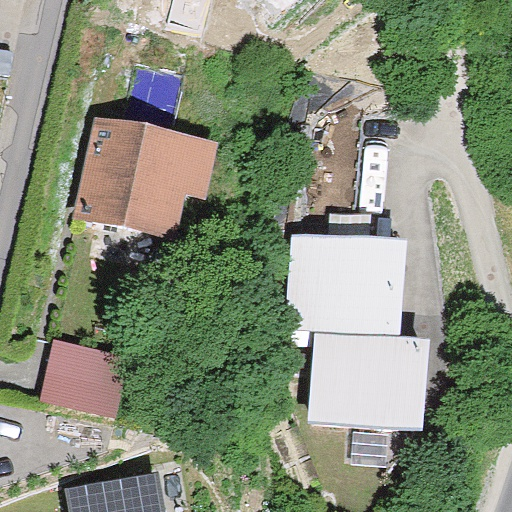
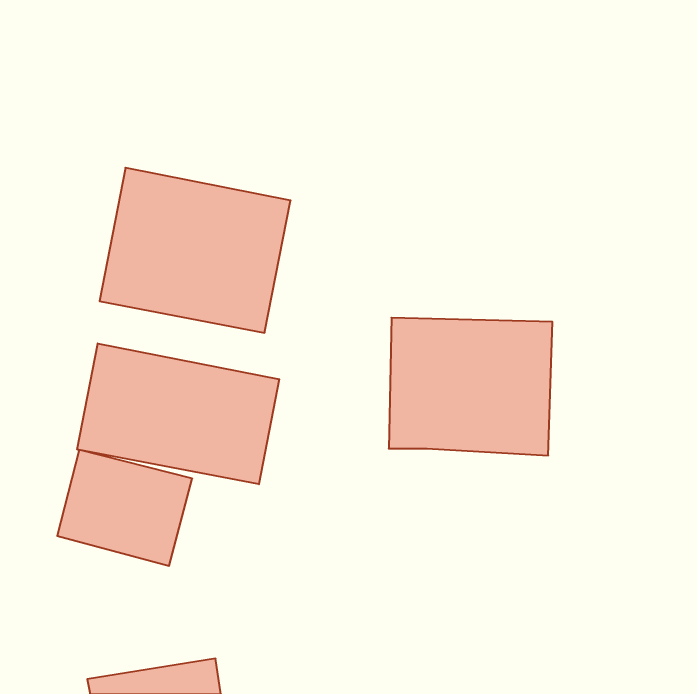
building: none -> [77,343,279,484]
building: [309,329,426,424] -> none

